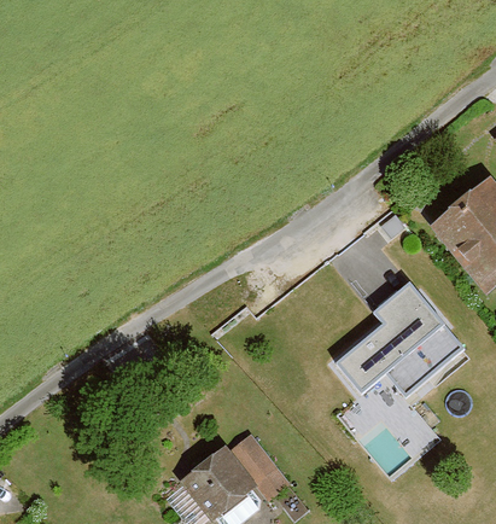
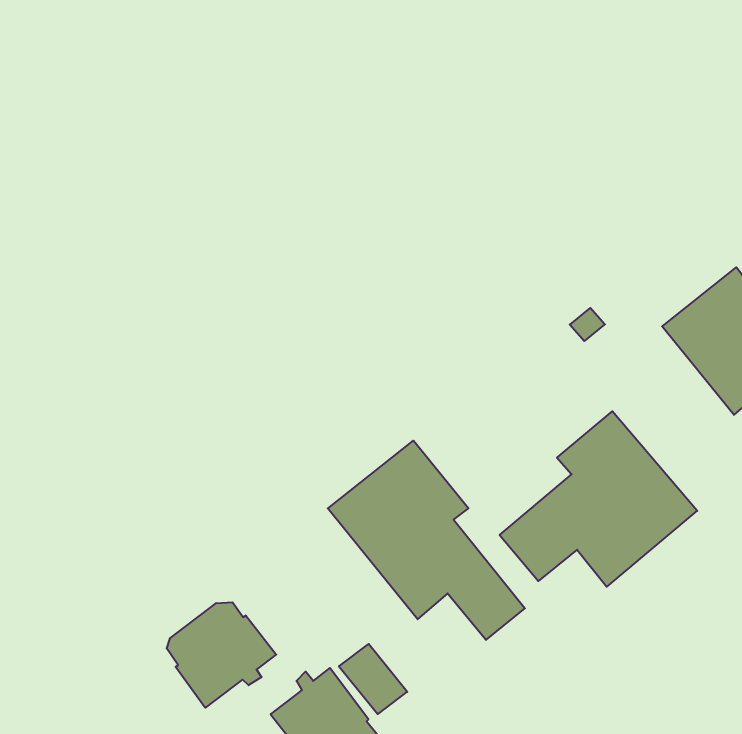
building: none -> [328,441,525,640]
building: none -> [167,602,276,708]

